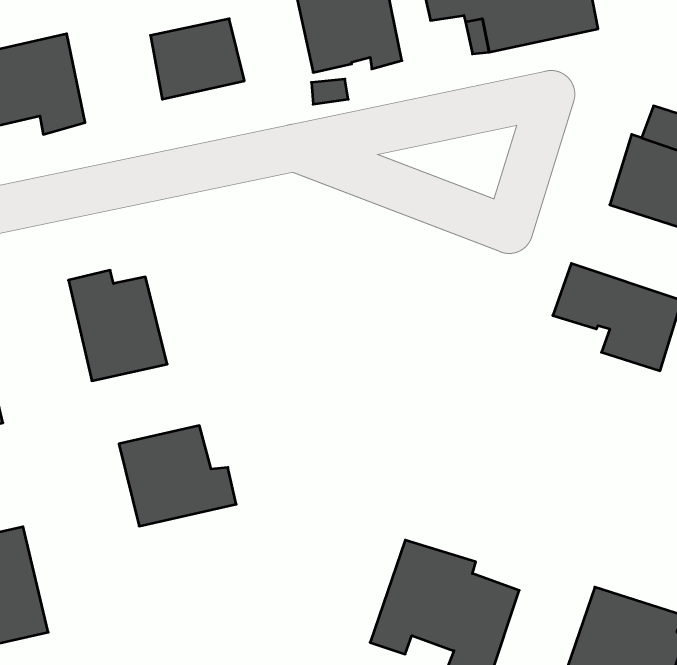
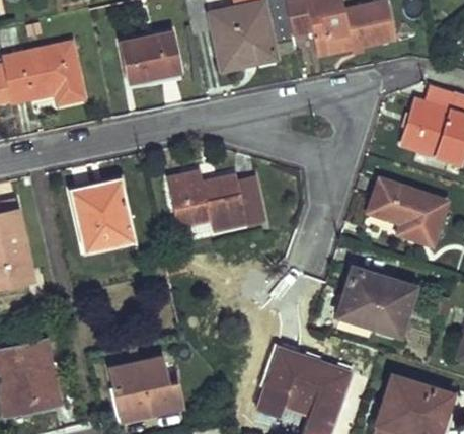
building: none -> [168,171,261,230]
building: none -> [335,268,414,337]
building: [119,426,236,526] -> [111,357,182,418]

